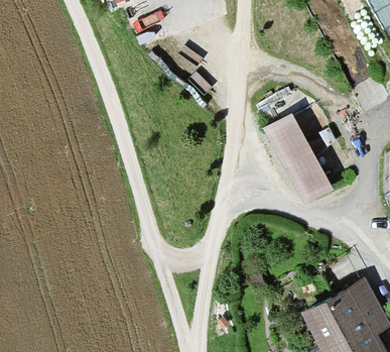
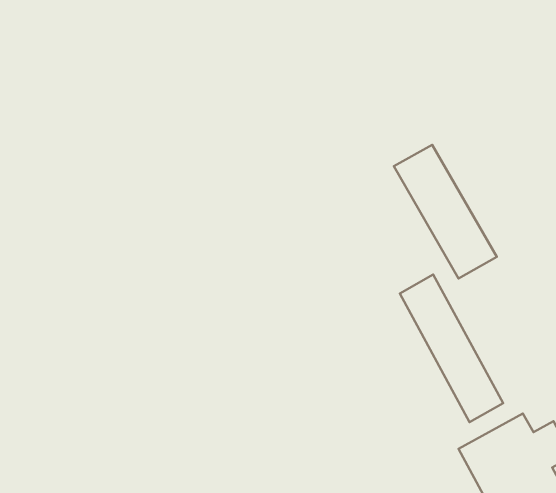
building: none -> [400,274,503,422]

